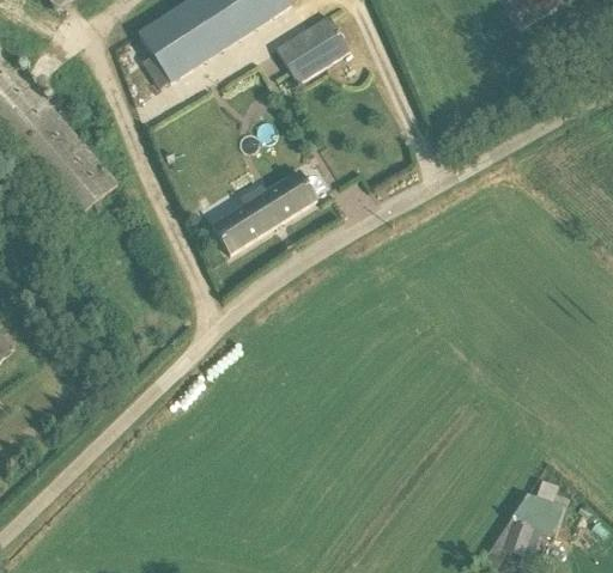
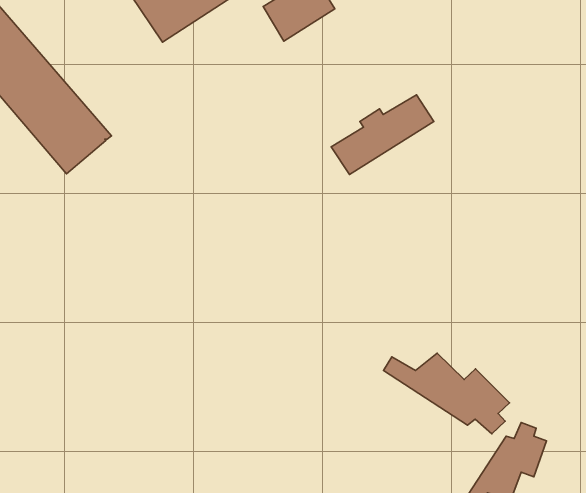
building: [212,170,318,252] -> [331,95,434,175]
building: none -> [384,353,510,434]

